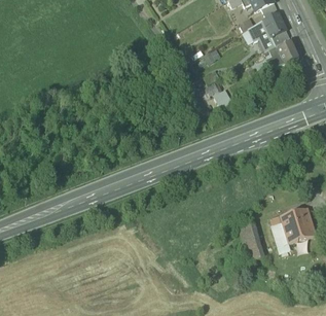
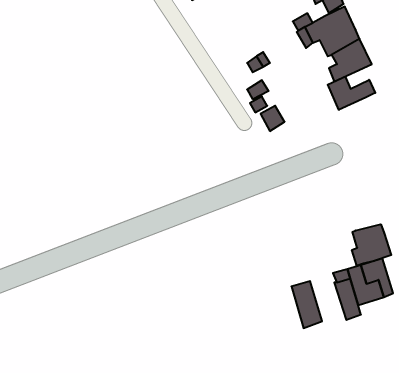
building: none -> [328,77,375,110]
building: none -> [352,224,391,266]

